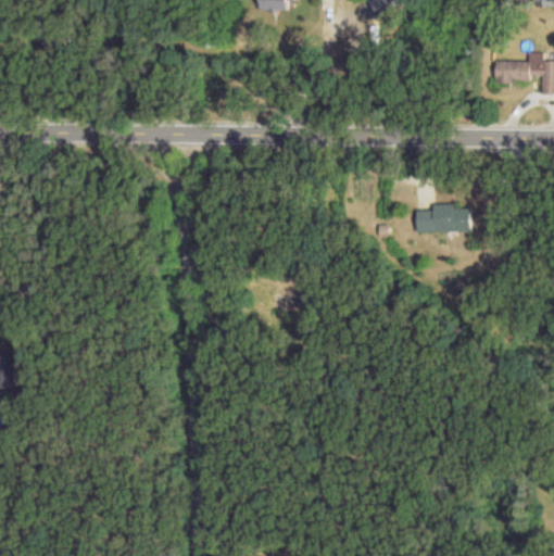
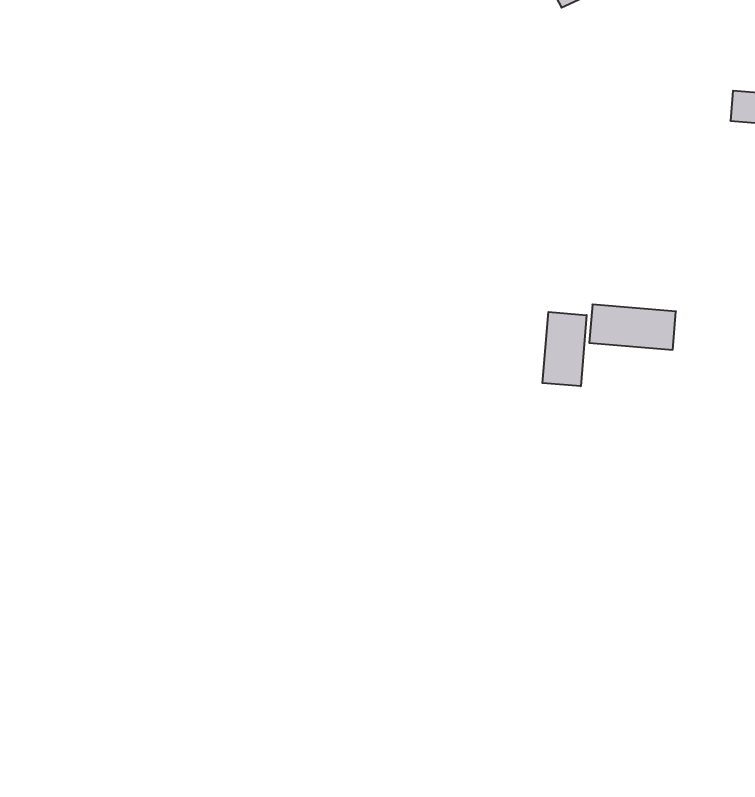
building: none -> [542,312,587,386]

